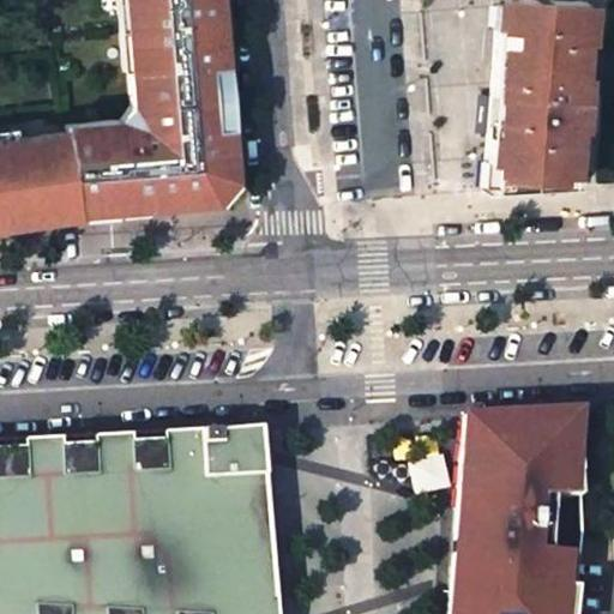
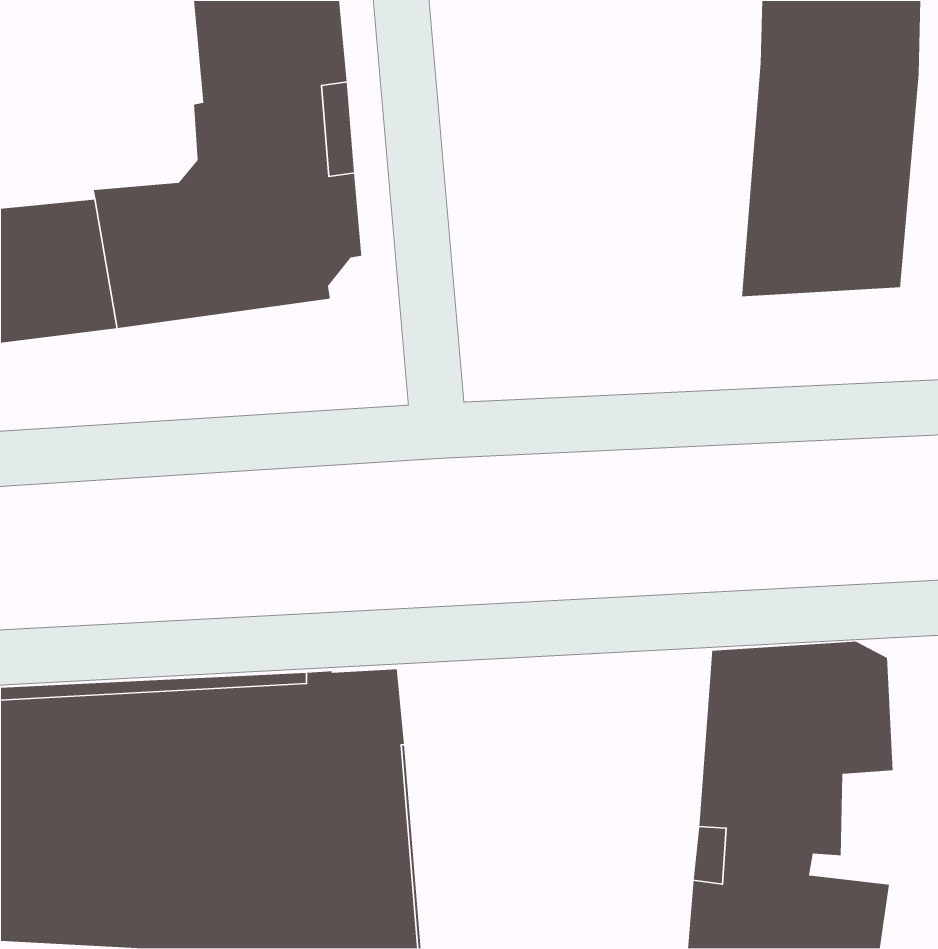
building: [530,498,585,571] -> none

